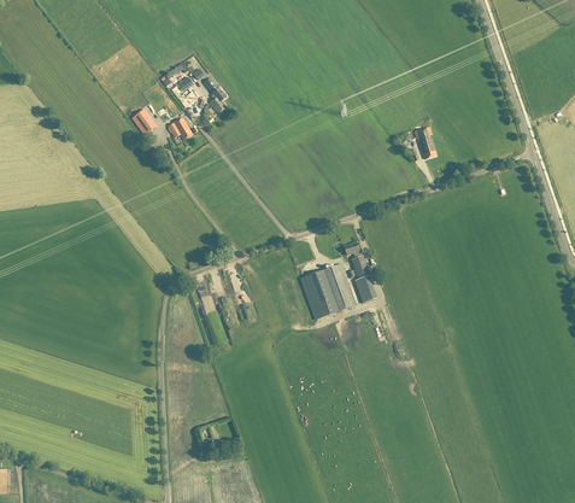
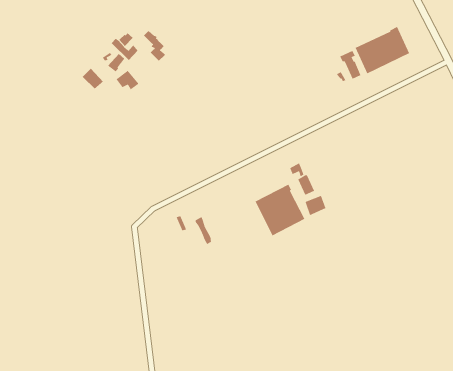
building: none -> [355,26,410,75]

